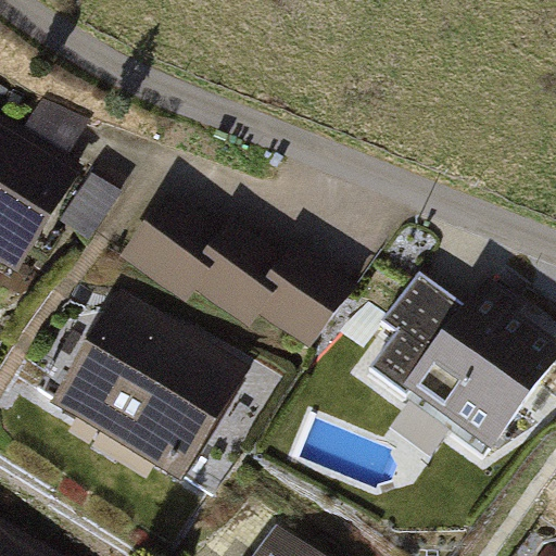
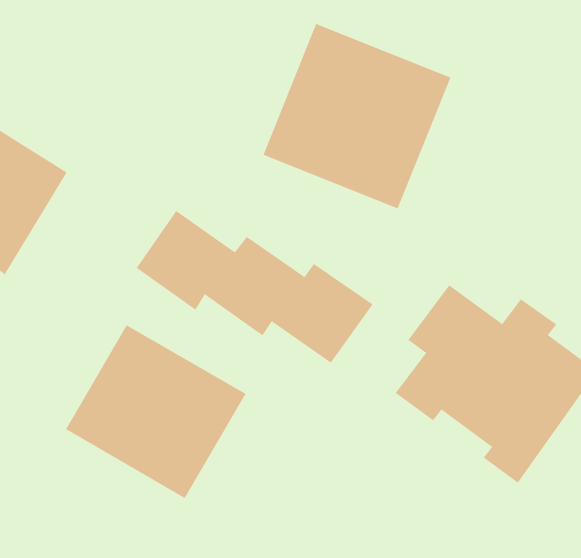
building: none -> [263,23,451,209]

